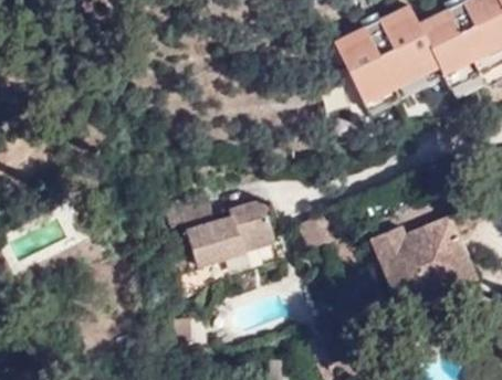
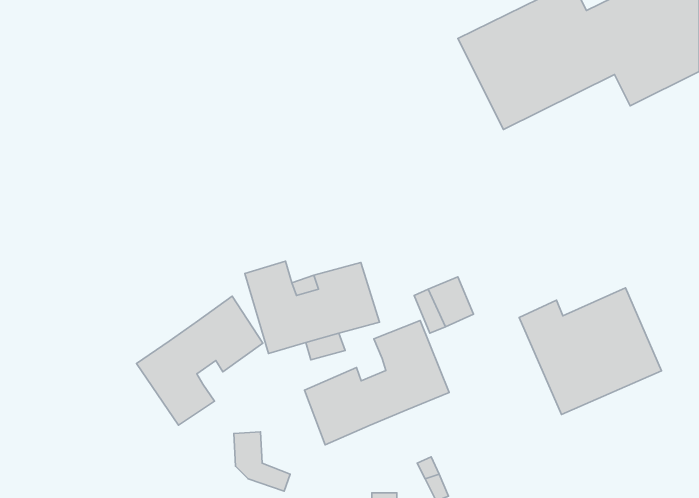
building: none -> [136,296,263,425]
building: none -> [305,321,449,445]

